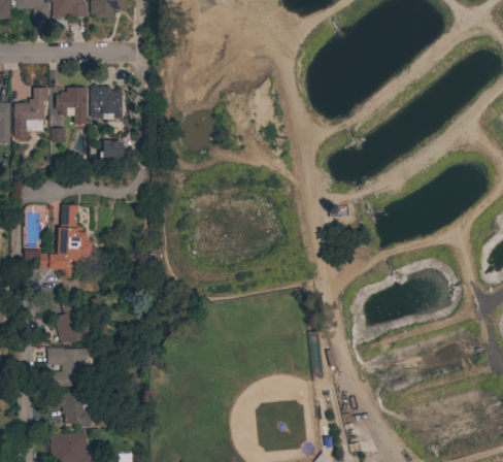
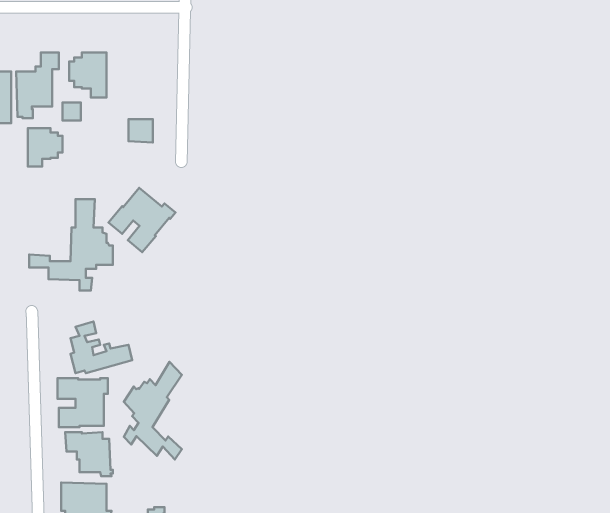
building: [91,87,123,119] -> none
building: none -> [28,128,63,167]
building: none -> [109,188,175,252]
building: none -> [124,362,182,459]

